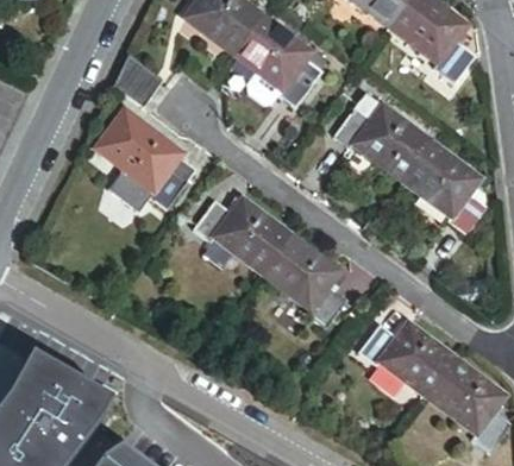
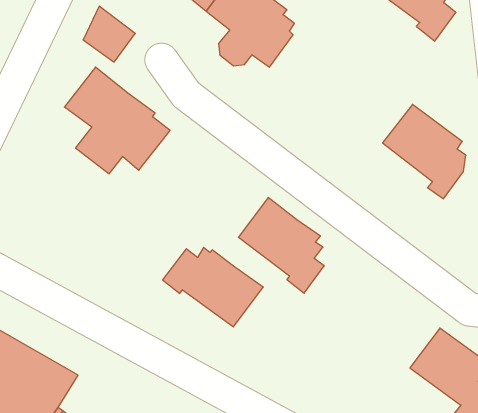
building: [334,95,431,180] -> none
building: [196,194,293,270] -> [163,247,263,327]
building: [361,320,457,395] -> none

